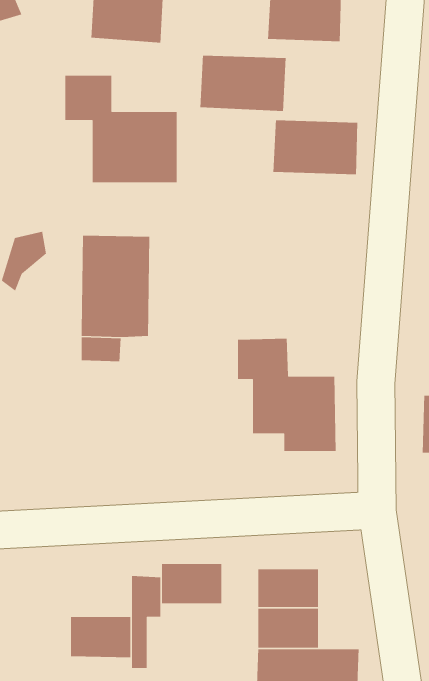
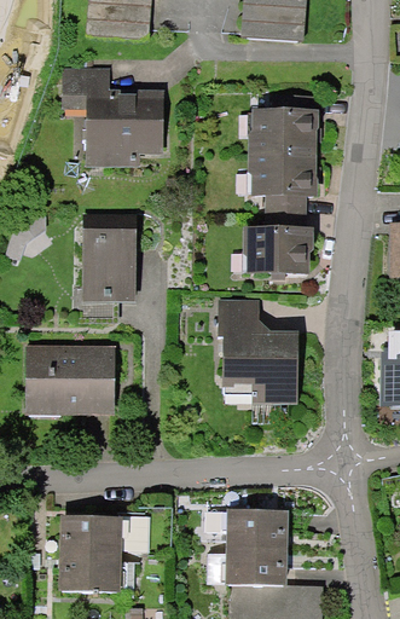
building: [199,55,286,112] -> [243,155,320,206]
building: none -> [244,230,320,280]
building: none -> [24,345,116,415]
building: [161,563,222,604] -> [65,514,120,550]

